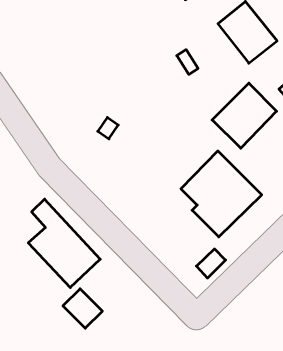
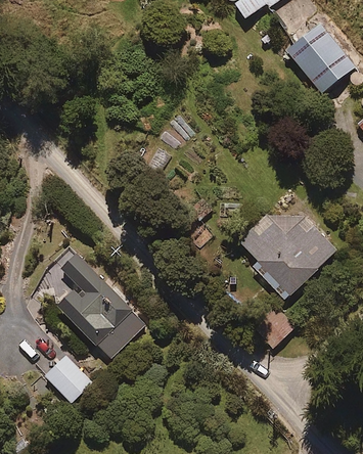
building: [212,83,277,148] -> none
building: [63,289,102,328] -> [45,356,92,403]

